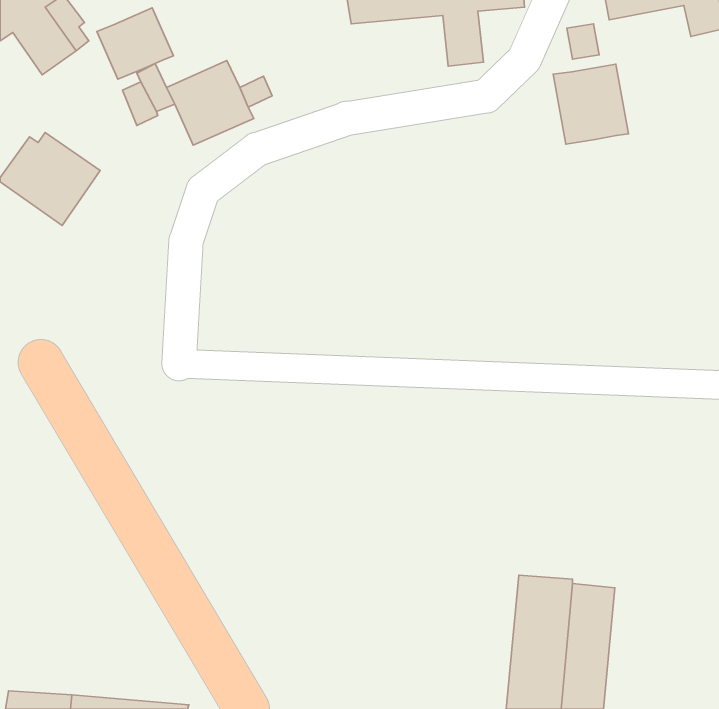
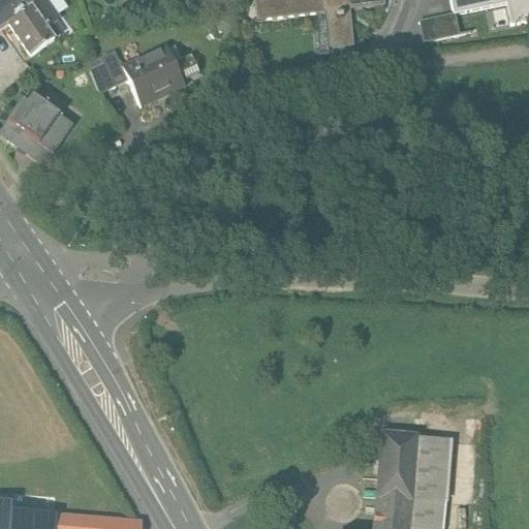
building: [97,8,173,79] -> none
building: [553,64,629,144] -> none

